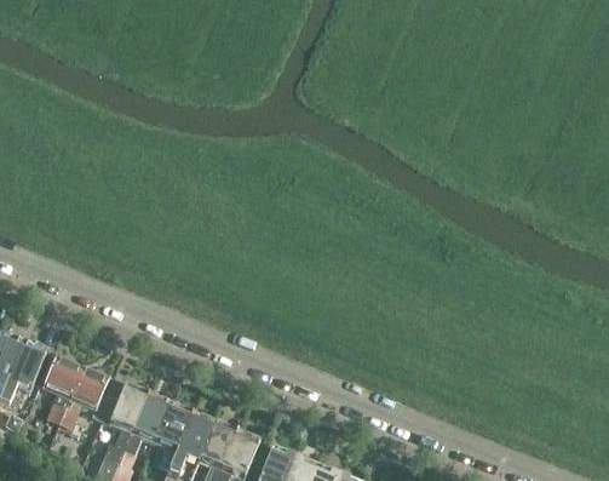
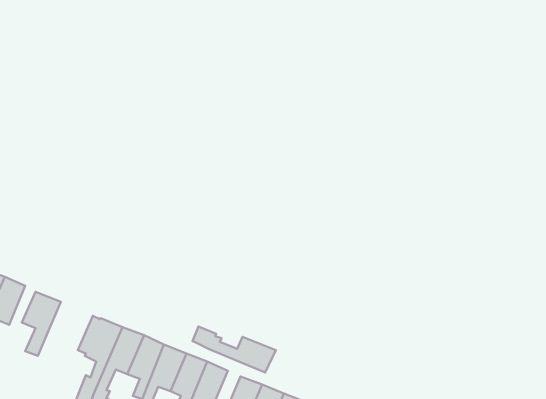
building: [58,368,116,431] -> none
building: none -> [192,327,276,372]

